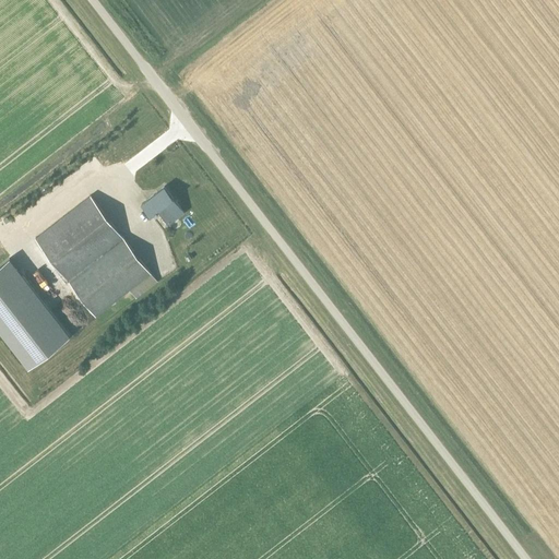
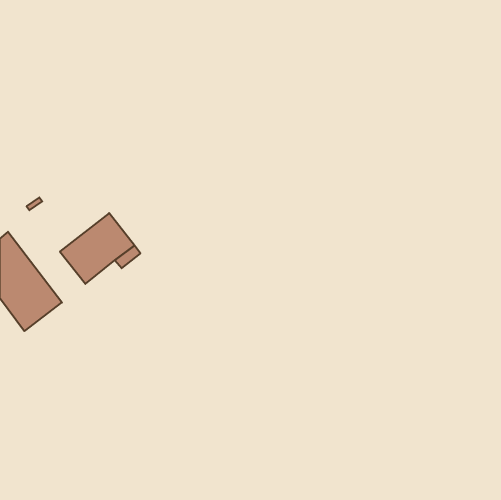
building: [141,189,182,221] -> none
building: [34,198,121,282] -> none

